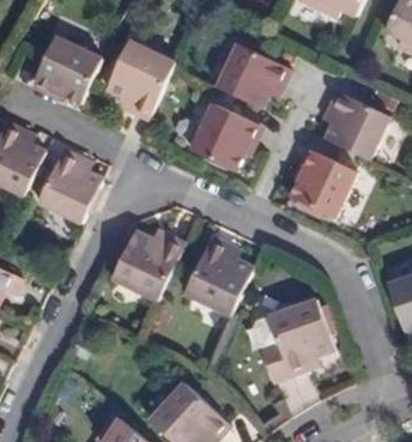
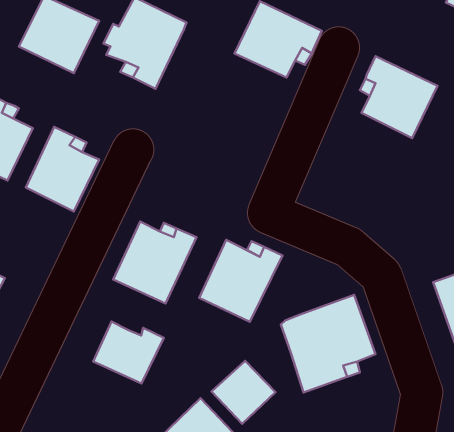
building: [195,105,262,172] -> none
building: [289,151,355,218] -> none
building: none -> [93,322,164,384]
building: none -> [211,361,276,424]

